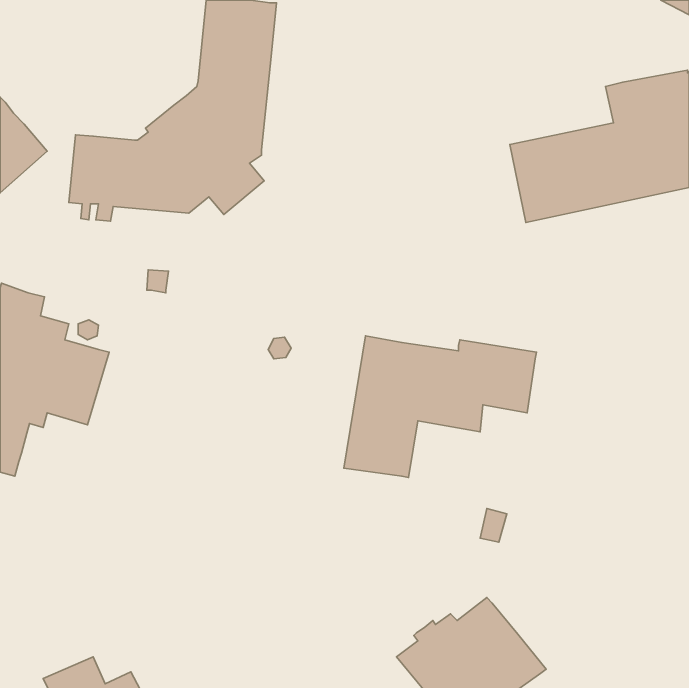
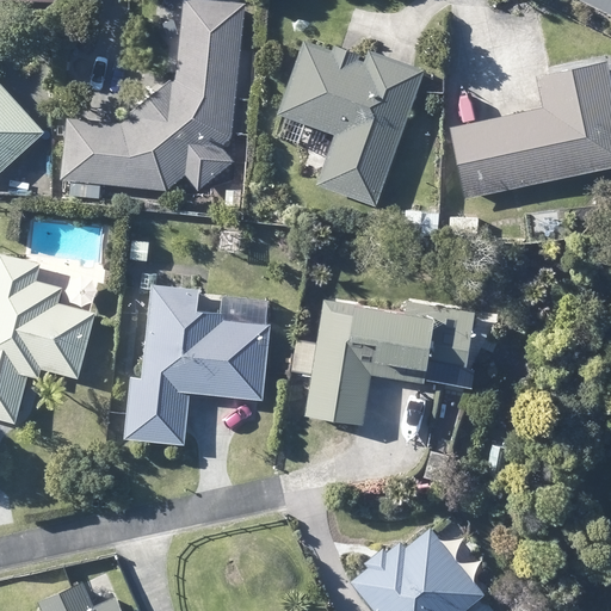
building: none -> [278,41,424,206]
building: none -> [125,285,270,444]

